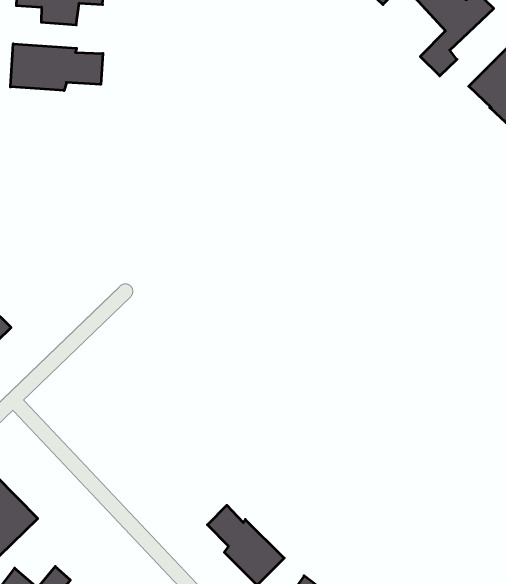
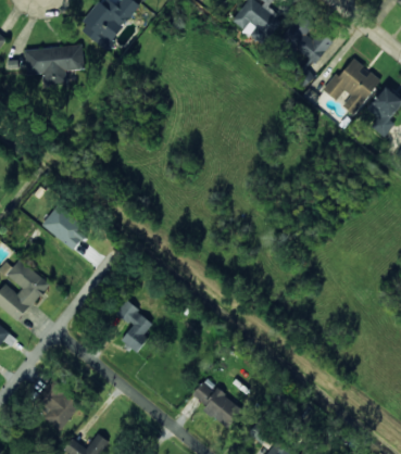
building: [10,44,103,91] -> none
building: none -> [42,206,88,251]
building: none -> [116,302,154,353]

